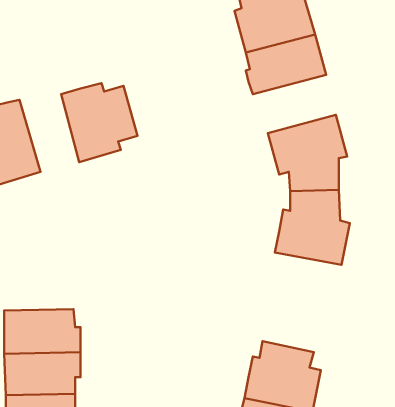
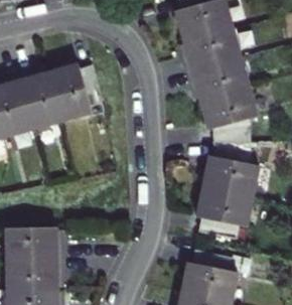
building: none -> [187,57,248,100]
building: none -> [18,70,61,128]
building: none -> [197,186,252,238]

